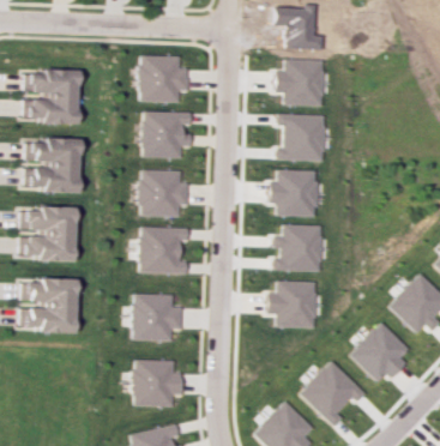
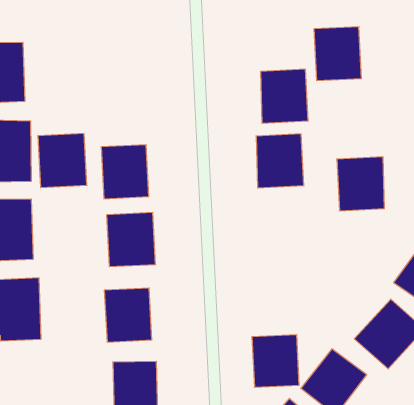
building: [140,55,182,101] -> none
building: [284,56,325,103] -> [314,27,362,81]
building: [143,112,185,158] -> [38,134,87,188]
building: [281,224,323,271] -> [337,157,384,211]
building: [276,281,317,326] -> [252,335,299,387]

